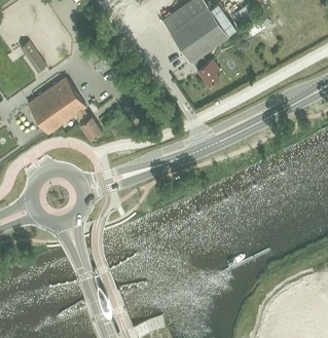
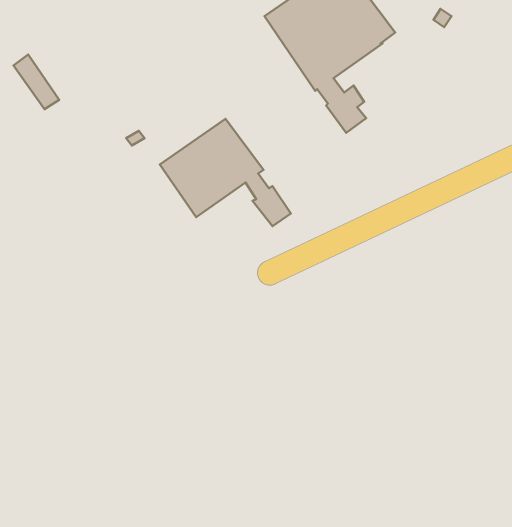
building: [27,78,101,139] -> [160,119,291,226]

